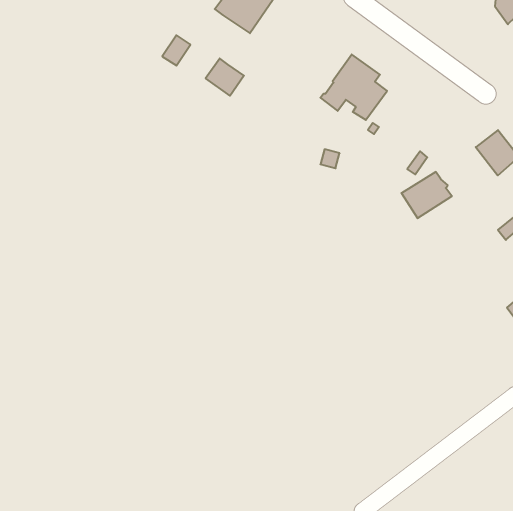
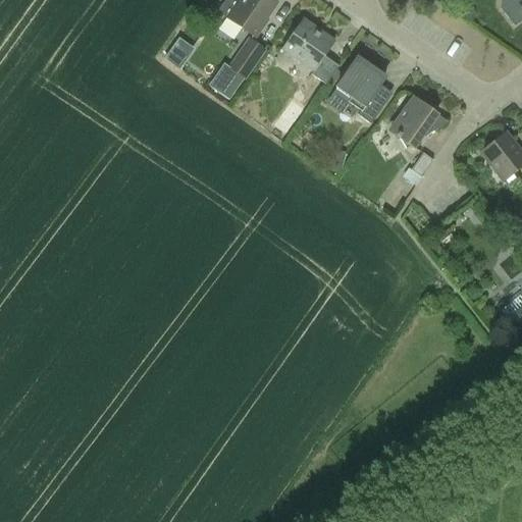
building: none -> [283,17,341,82]
building: none -> [232,37,269,76]
building: [401,172,452,218] -> [392,99,442,146]

